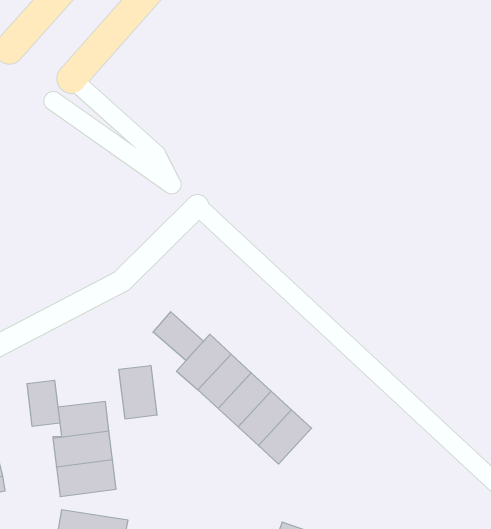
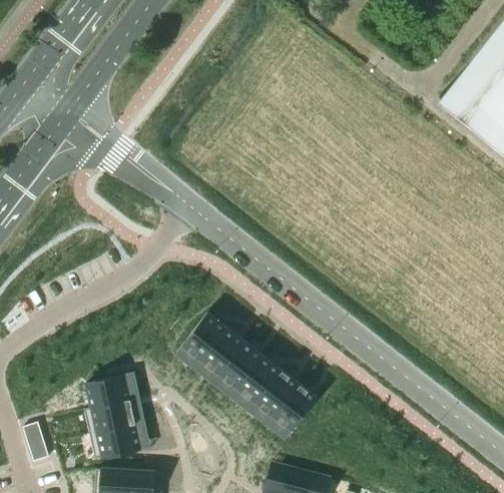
building: [153,312,204,361] -> none
building: [119,365,157,419] -> none
building: [27,380,60,426] -> none
building: none -> [274,386,318,433]

